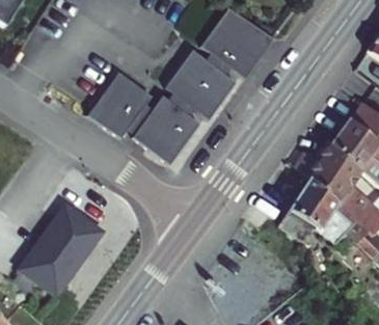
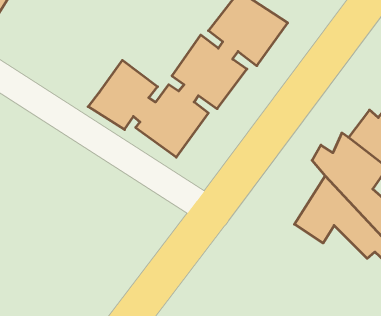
building: [11,205,96,292] -> none

